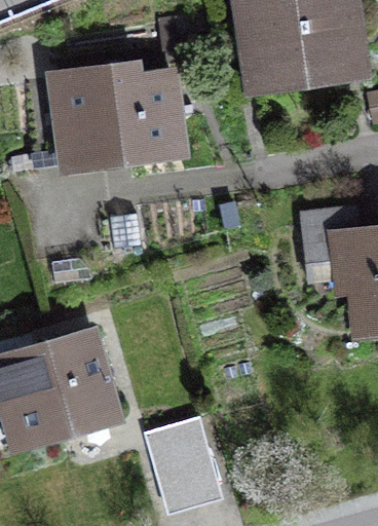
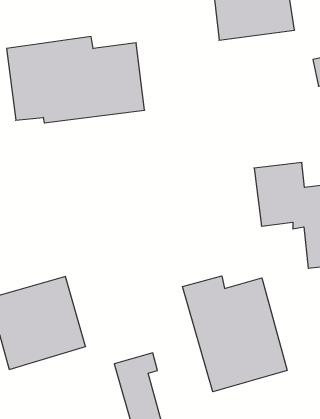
building: none -> [182,276,287,392]

